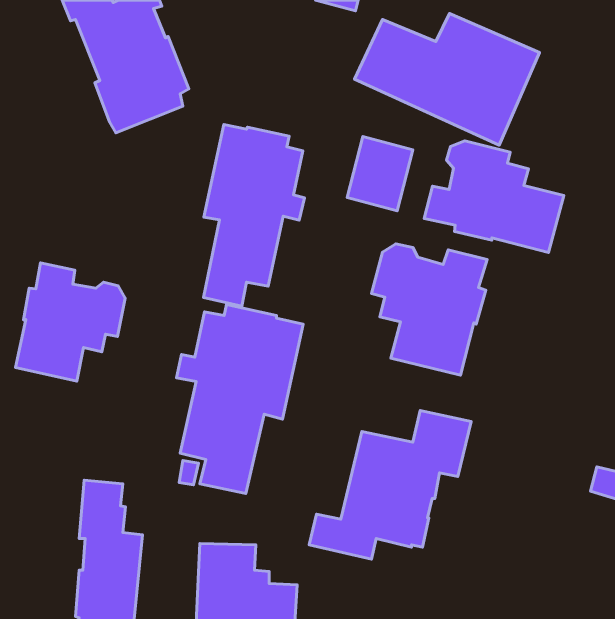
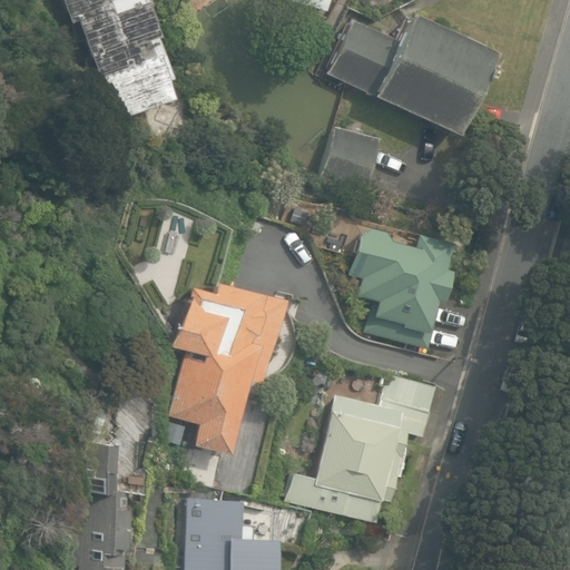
building: [203,125,304,306] -> none
building: [424,141,564,252] -> none
building: [16,263,125,381] -> none

